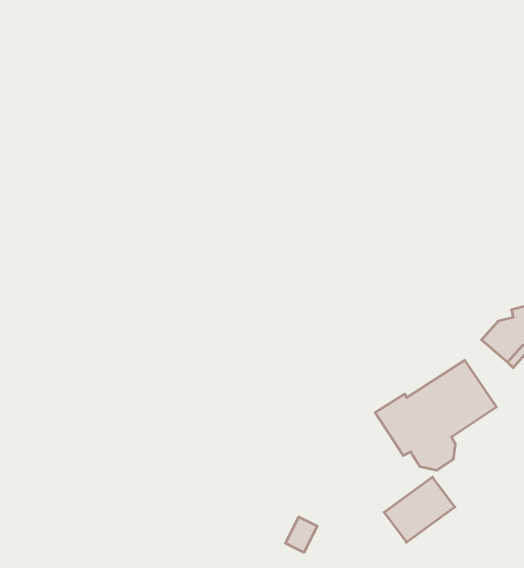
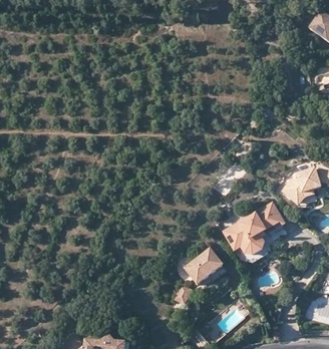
building: [384,477,455,542] -> [186,250,224,285]

